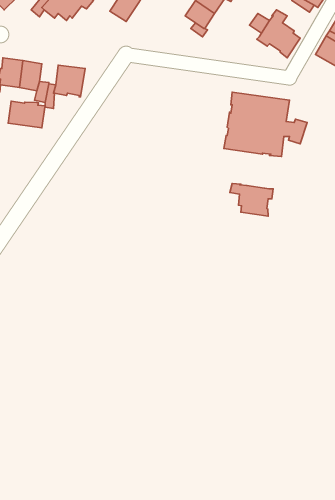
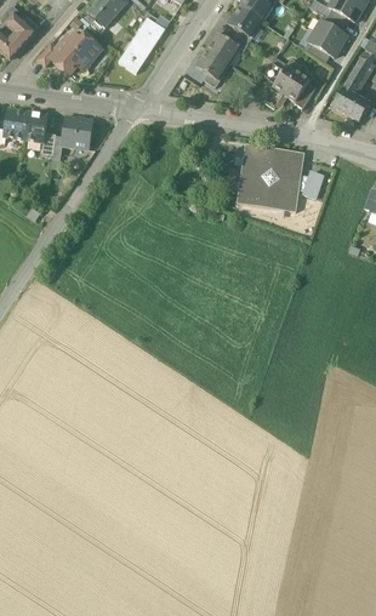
building: [8,101,45,128] -> none
building: [230,184,273,216] -> none

